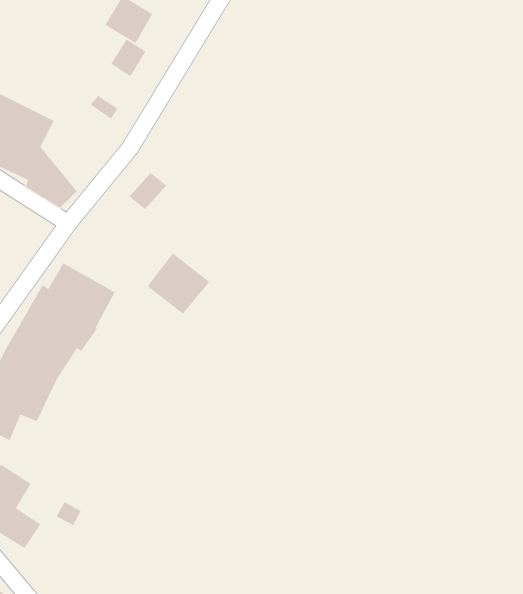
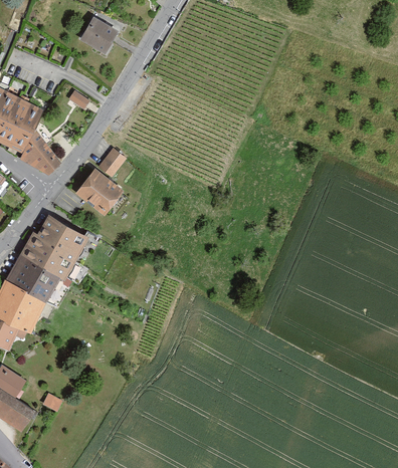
building: [111,38,146,77] -> none
building: [147,253,210,315] -> [74,169,122,215]

